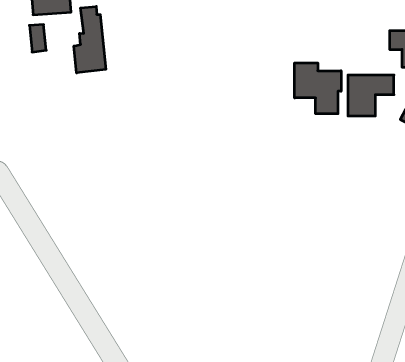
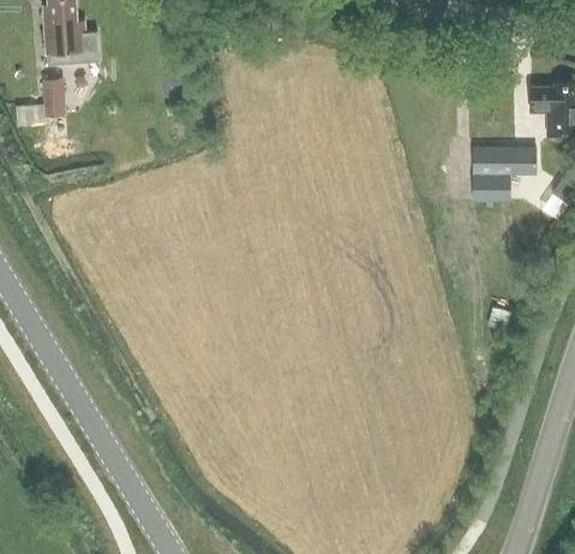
building: [74,6,106,73] -> none
building: [295,63,341,114] -> none

